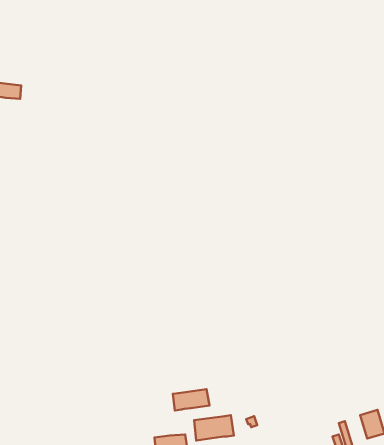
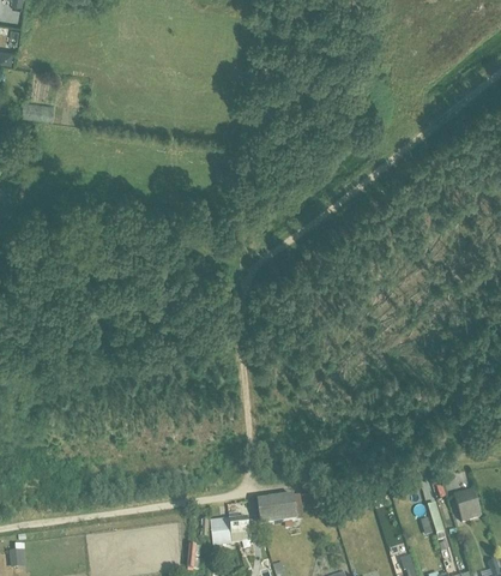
building: [173,389,210,411] -> none

